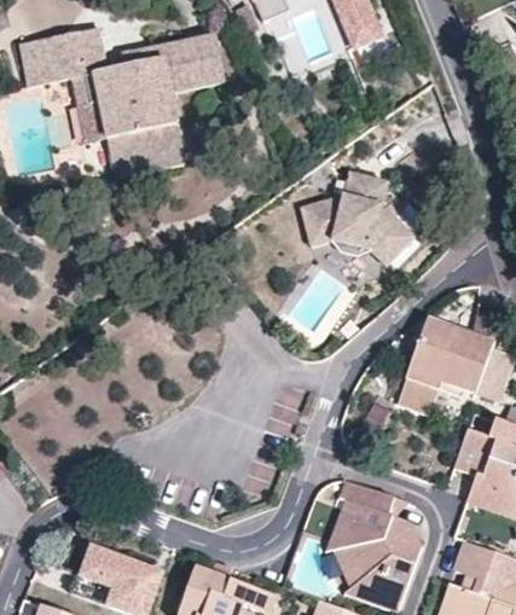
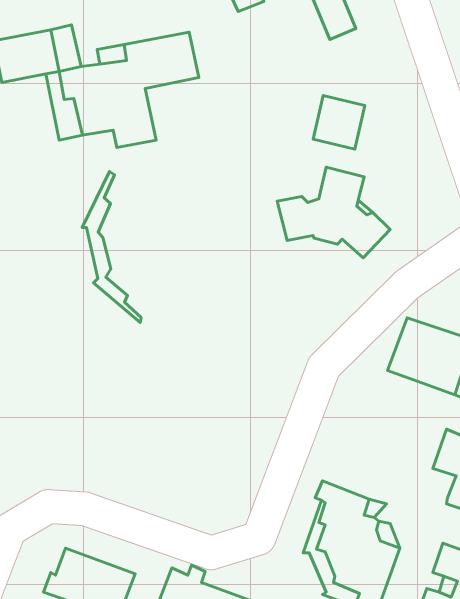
building: none -> [313,96,365,149]
building: none -> [82,172,141,323]
building: [398,370,443,414] -> none

